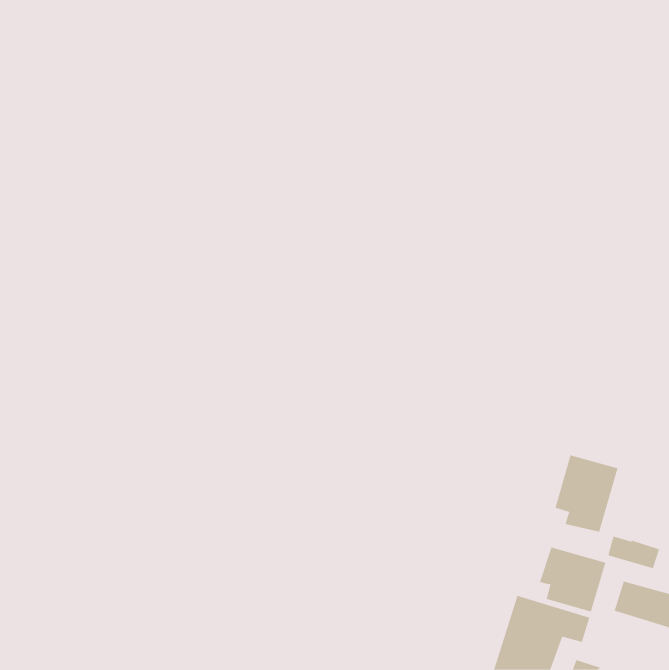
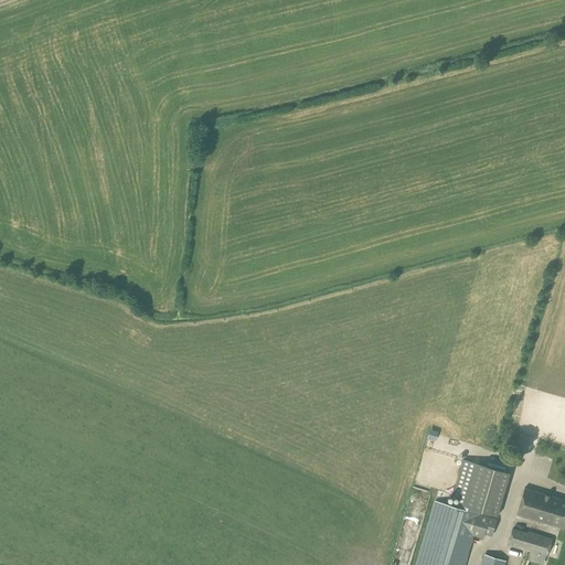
building: [555,454,618,533] -> none
building: [607,536,660,569] -> [509,529,553,556]

